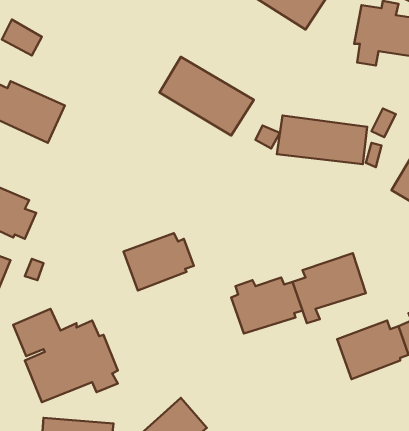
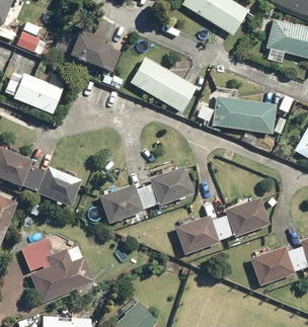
building: none -> [59,33,118,73]
building: none -> [144,163,198,205]
building: none -> [31,165,85,205]

